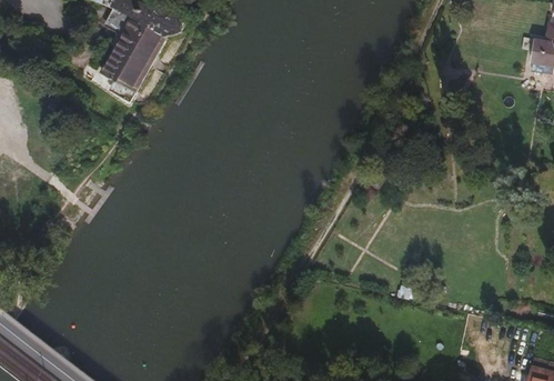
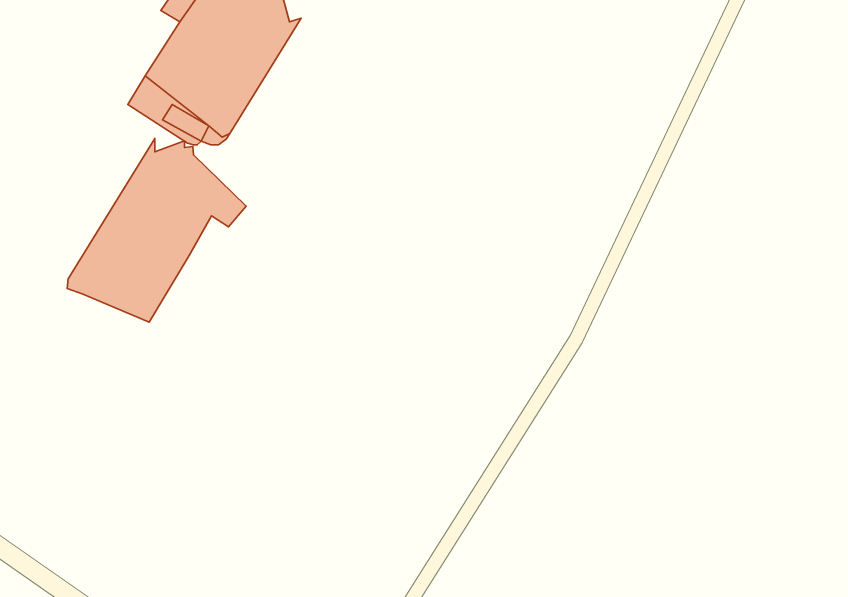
building: none -> [67,139,246,322]

